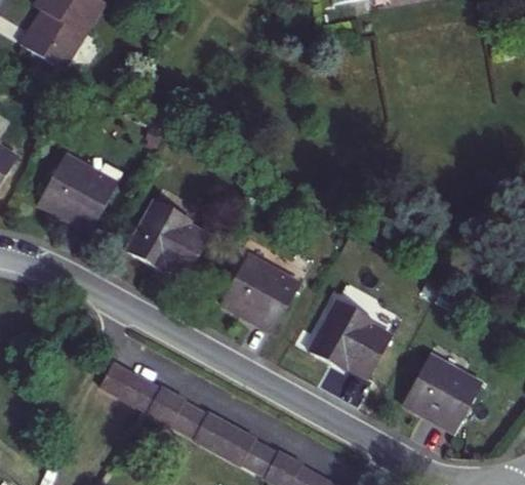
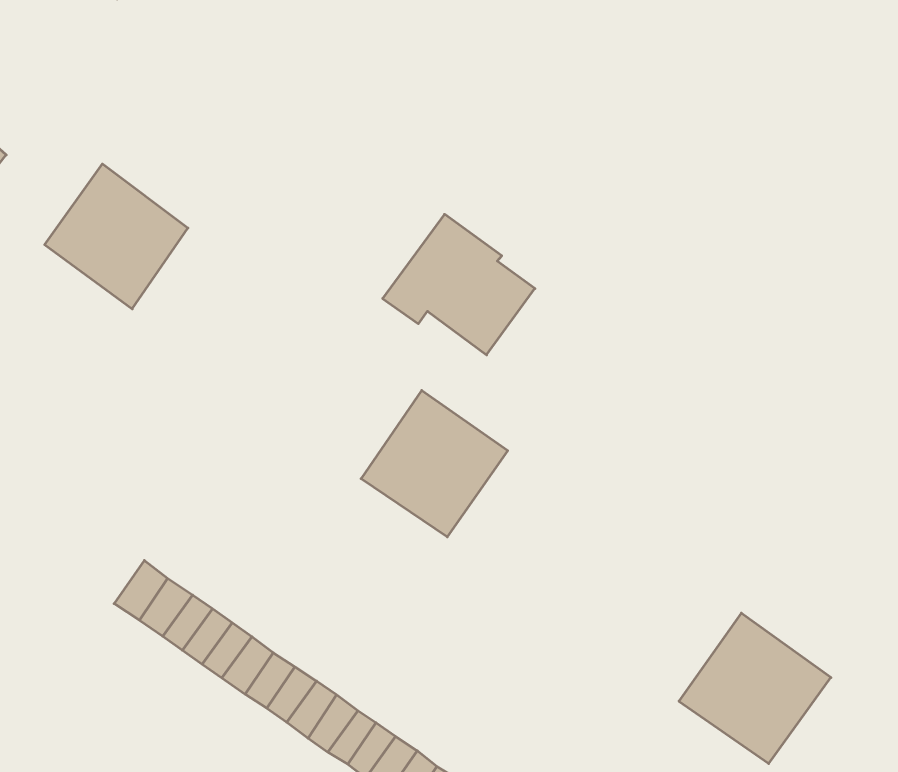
building: [125,201,205,273] -> [383,214,535,355]
building: [308,299,388,372] -> none

